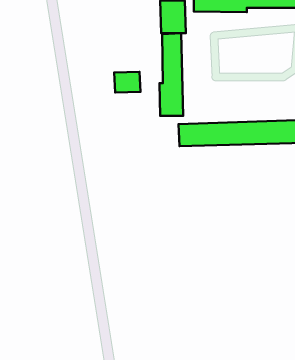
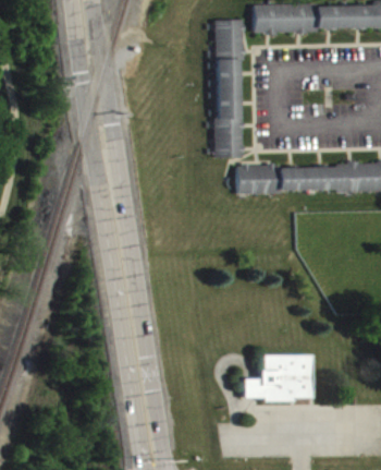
building: [114,72,140,92] -> none
building: none -> [243,353,311,400]

